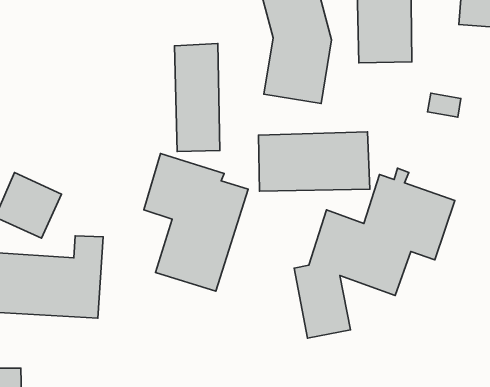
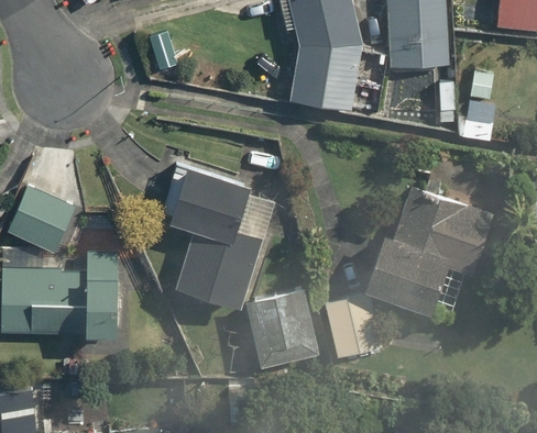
building: [174,44,220,151] -> none
building: [258,132,370,191] -> none
building: none -> [243,288,319,367]

